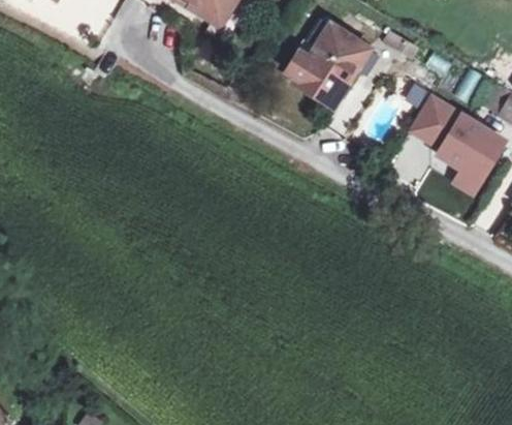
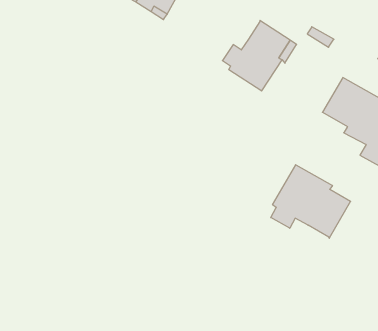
building: none -> [271,165,351,238]

